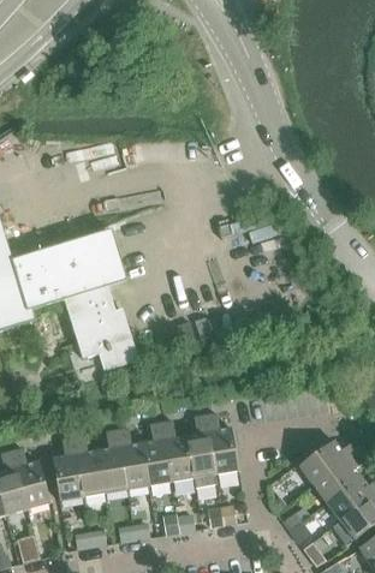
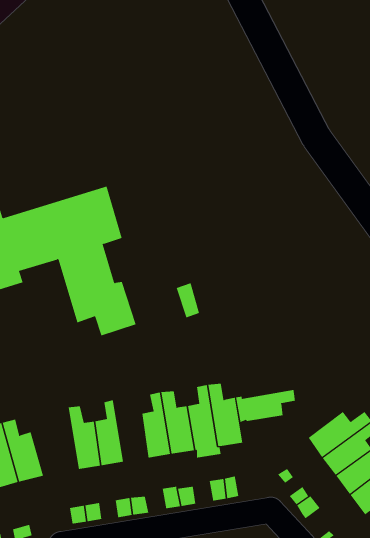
building: none -> [235,389,295,423]
building: [115,430,148,490] -> none
building: [52,438,82,501] -> none

